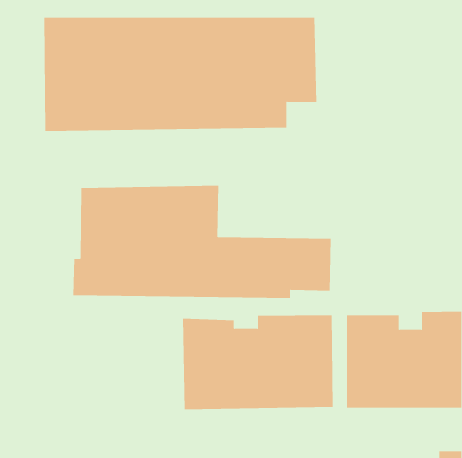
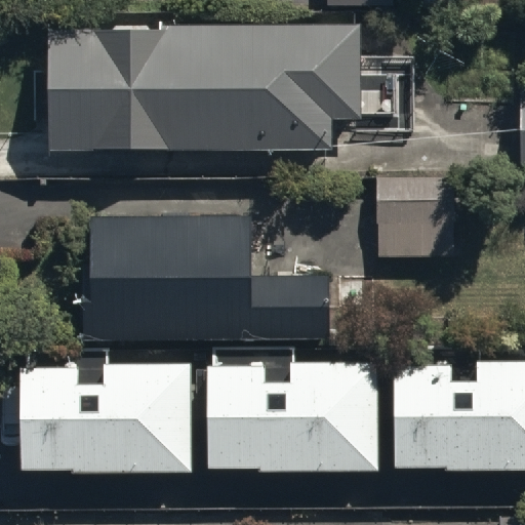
building: none -> [378,177,460,261]
building: none -> [21,362,192,471]

